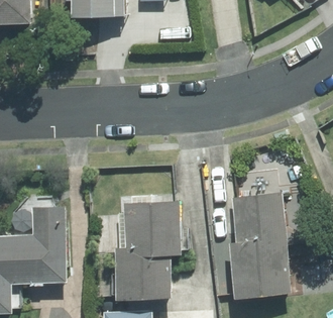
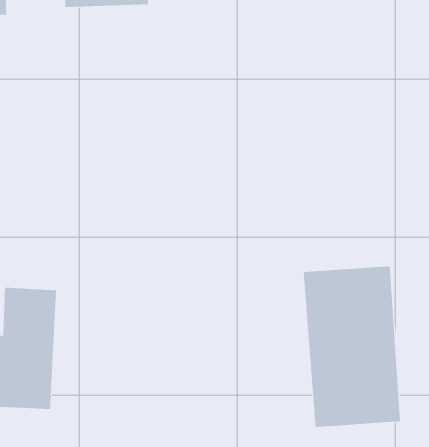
building: [114,204,178,299] -> none

